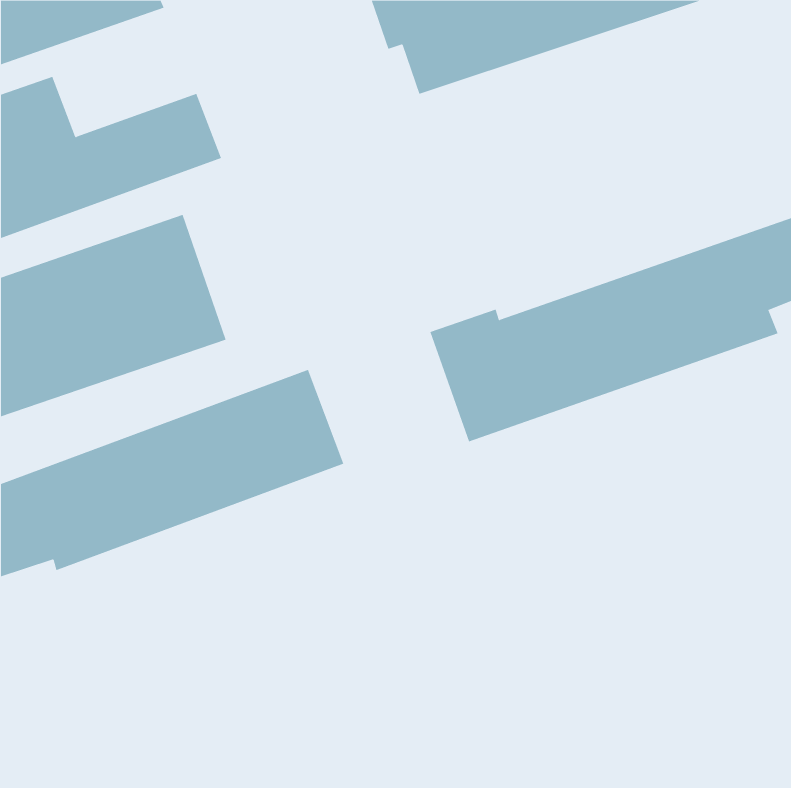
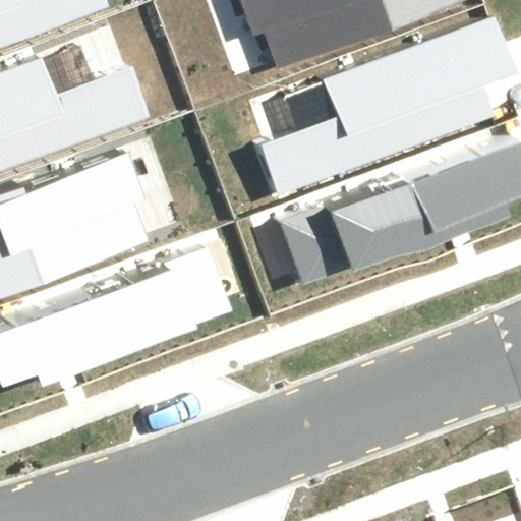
building: none -> [259,22,516,195]

